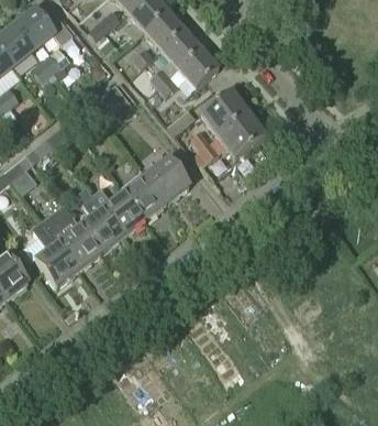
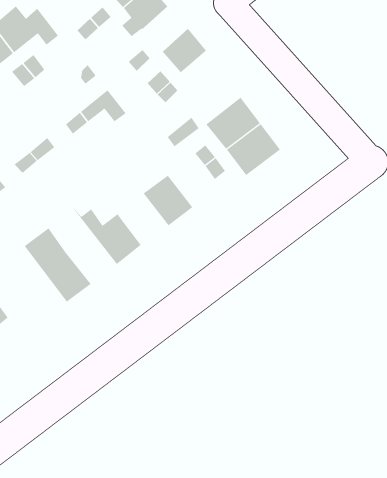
building: [144,9,185,48] -> none
building: [178,47,219,87] -> none
building: [123,173,167,218] -> none
building: [75,186,122,252] -> none
building: [31,219,78,286] -> none

